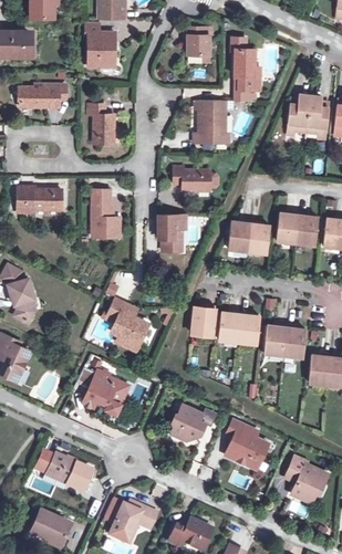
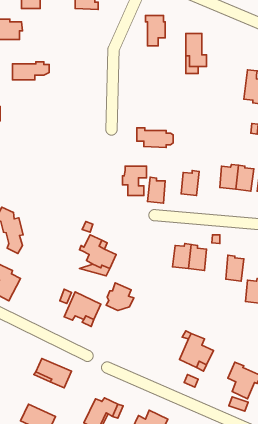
building: [84,24,114,67] -> none
building: [287,94,311,134] -> none
building: [194,101,229,143] -> none
building: [87,104,114,144] -> none
building: [18,187,62,215] -> none
building: [92,189,120,237] -> none
building: [248,221,270,253] -> [147,177,165,203]
building: [193,306,216,336] -> none
building: [265,325,287,355] -> none
building: [172,405,206,439] -> [106,283,134,310]

